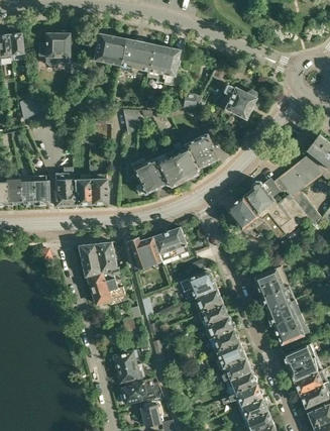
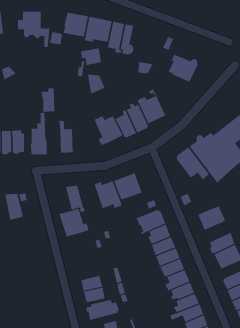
building: none -> [80,48,101,66]
building: [73,175,90,204] -> [41,88,55,112]
building: [80,243,103,276] -> [4,193,24,220]
building: [260,286,295,310] -> none

